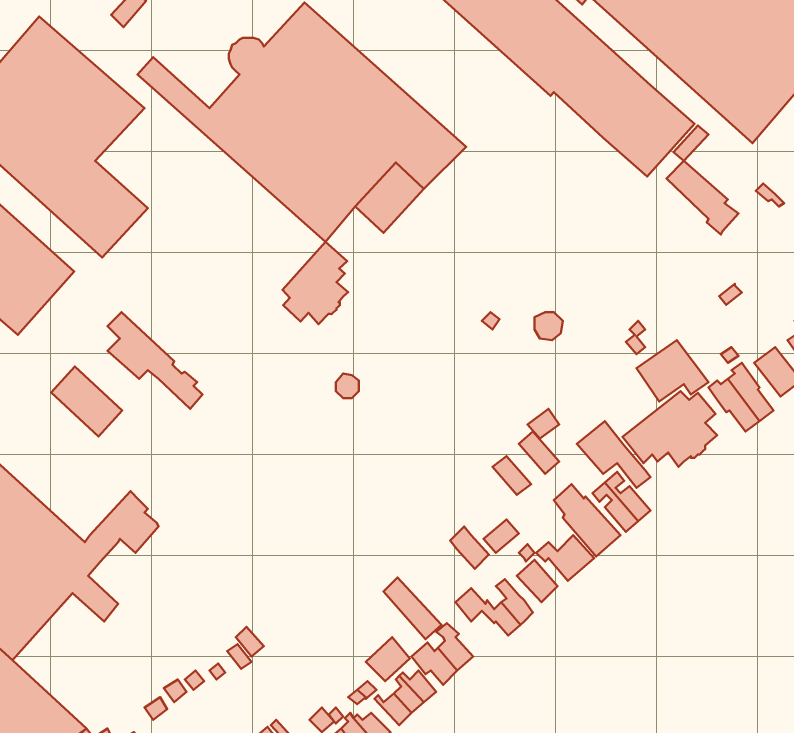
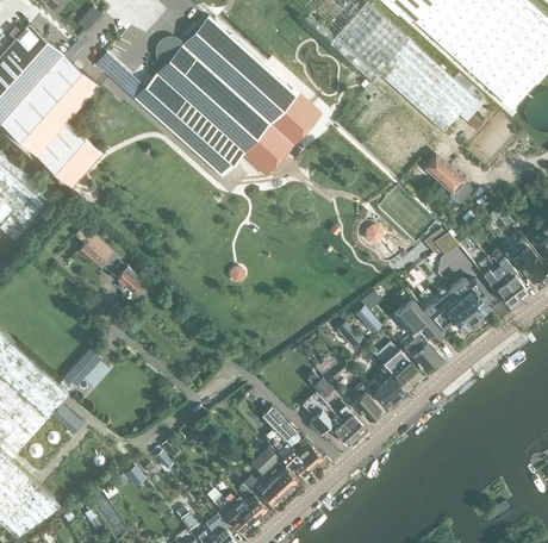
building: [666,161,738,235] -> [422,154,471,204]
building: [283,242,348,324] -> none
building: [51,366,122,436] -> none

